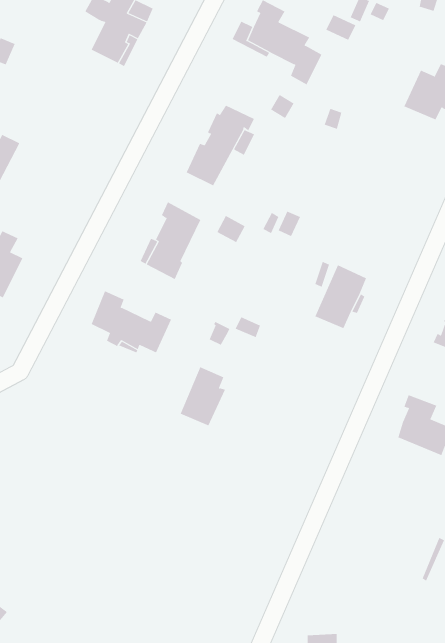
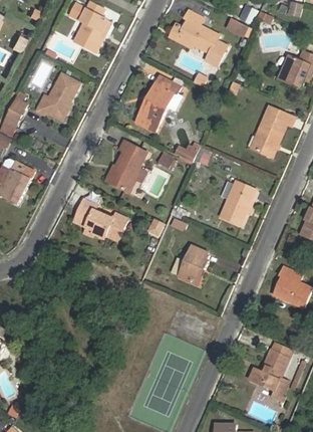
building: none -> [35,73,78,120]
building: none -> [250,106,292,157]
building: [180,366,226,426] -> [178,245,208,284]
building: none -> [249,350,288,401]

